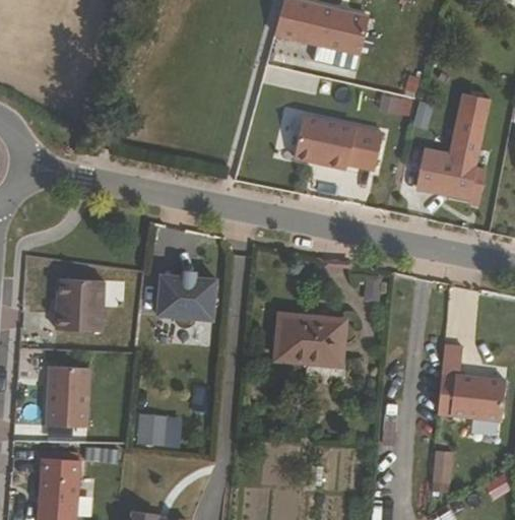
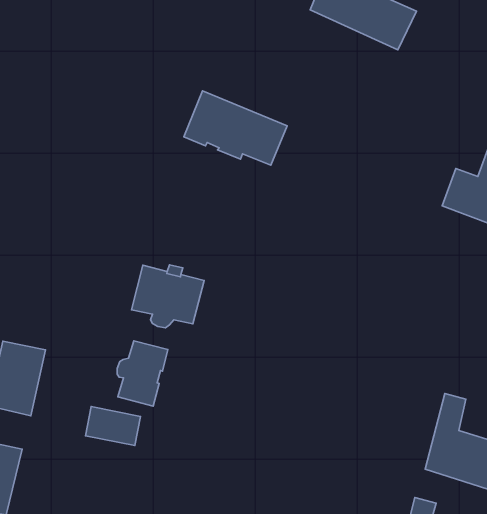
building: [294,114,383,170] -> [184,91,287,165]
building: [57,277,107,332] -> none
building: [279,314,347,363] -> none
building: none -> [117,341,168,406]

